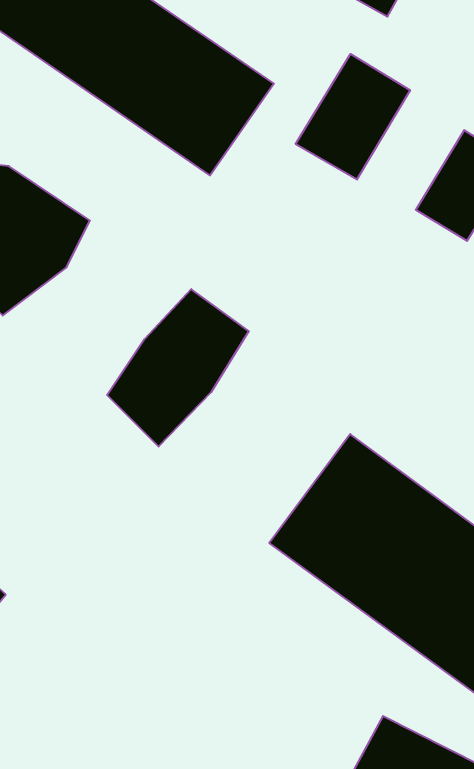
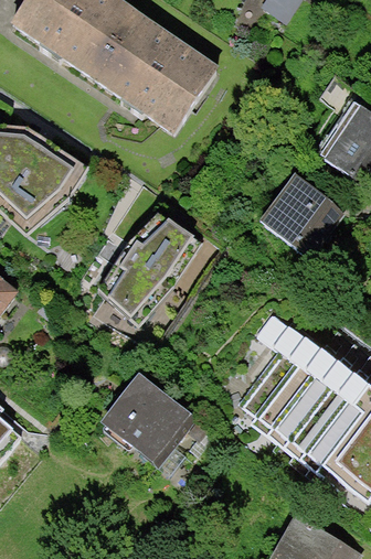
building: [296,54,410,180] -> none
building: none -> [258,176,342,259]
building: none -> [99,366,191,456]

